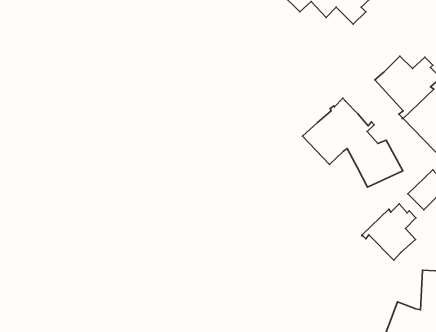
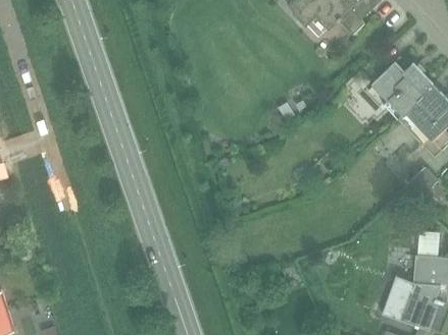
building: [302,98,403,187] -> none
building: [362,204,416,260] -> none

